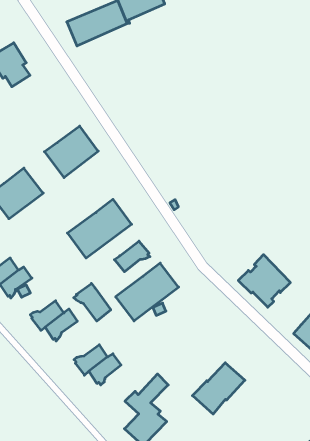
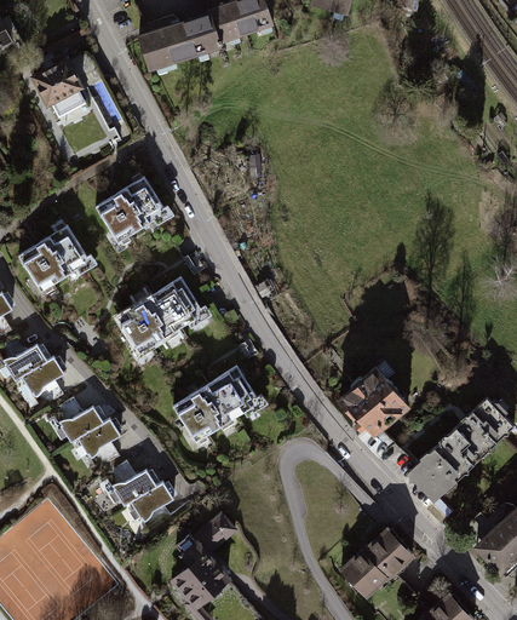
building: [114,241,150,272] -> none
building: [74,283,111,321] -> none
building: [192,363,245,414] -> [340,529,412,596]

